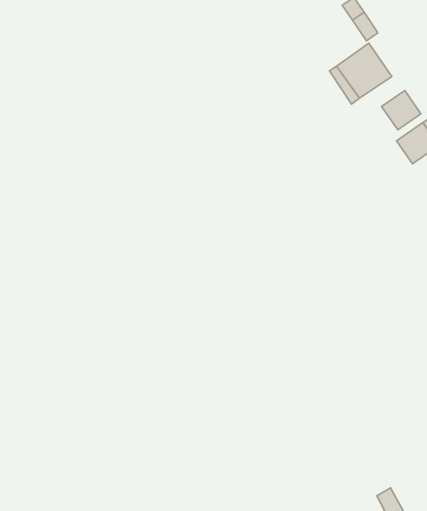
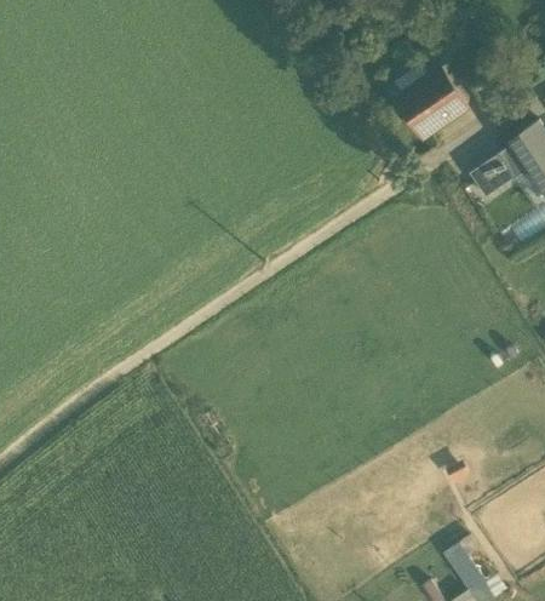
building: [381,90,421,130] -> none

